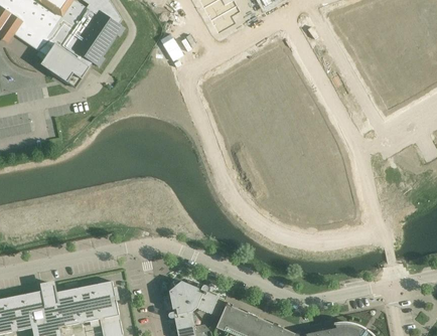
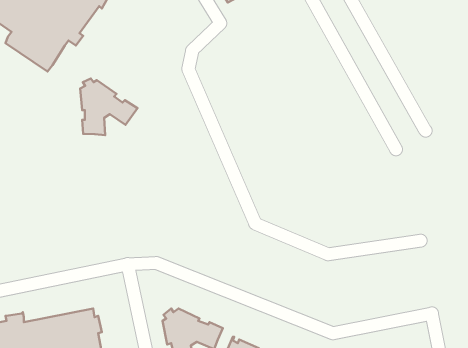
building: none -> [80,78,137,135]

